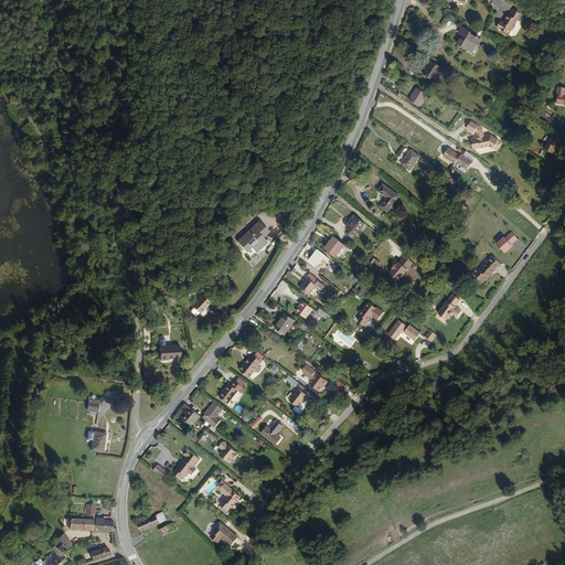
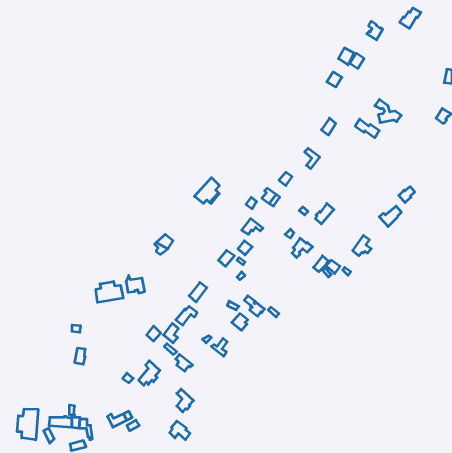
building: none -> [96,281,123,302]
building: none -> [17,409,38,440]

